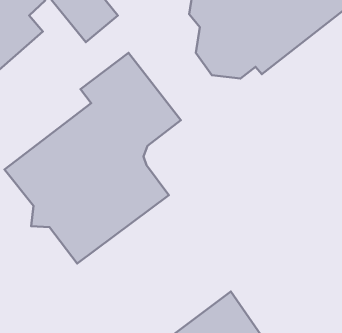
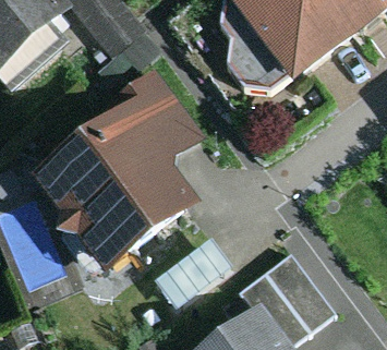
building: none -> [249,246,339,340]

